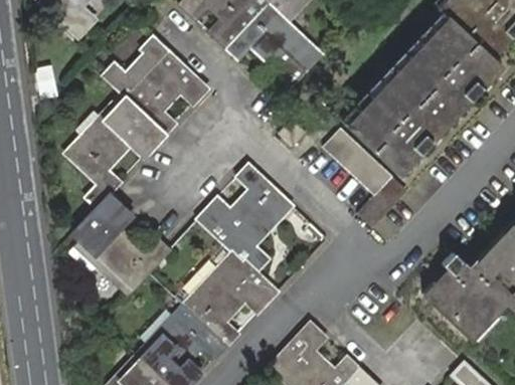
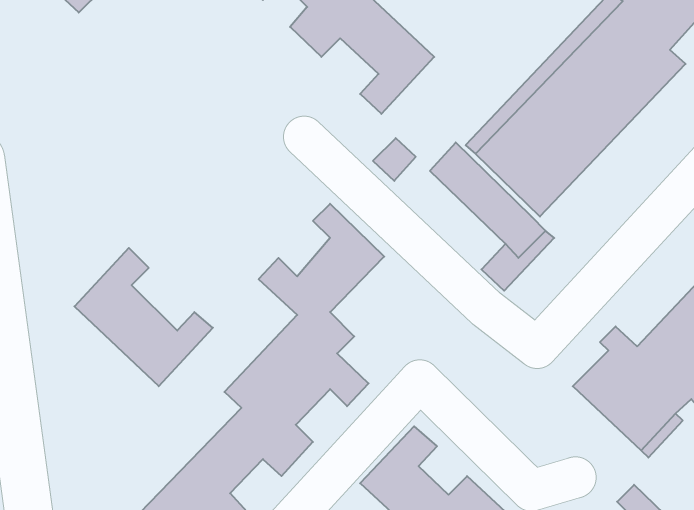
building: [68,36,210,196] -> none

